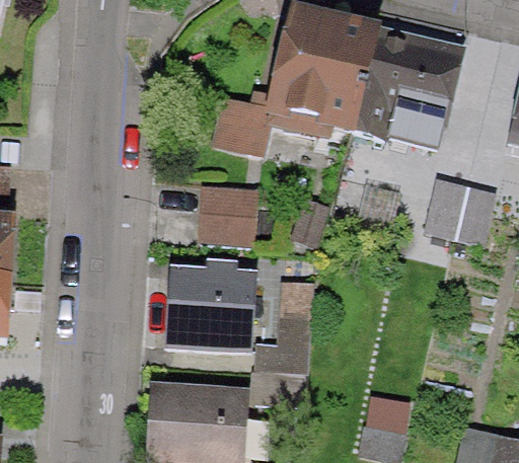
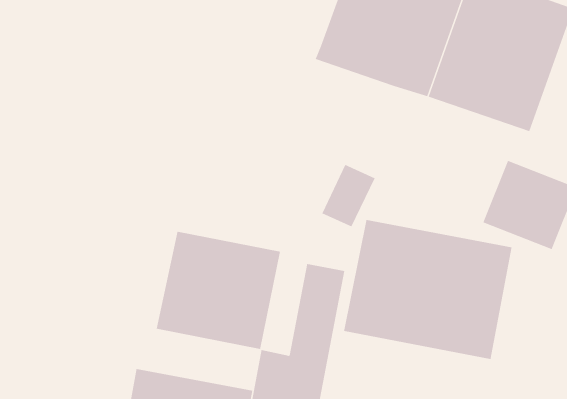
building: [206,89,332,158] -> none
building: [195,180,256,243] -> none
building: none -> [344,219,512,360]

